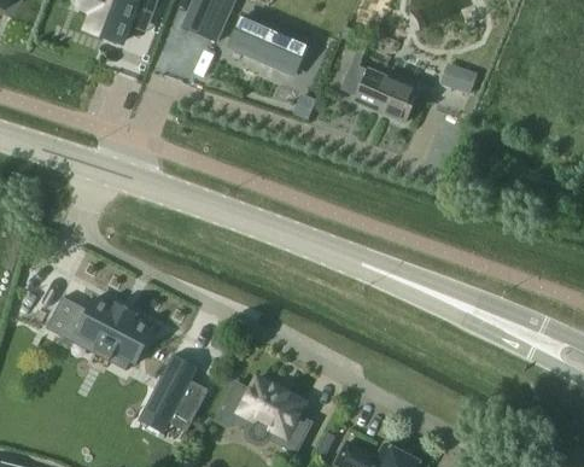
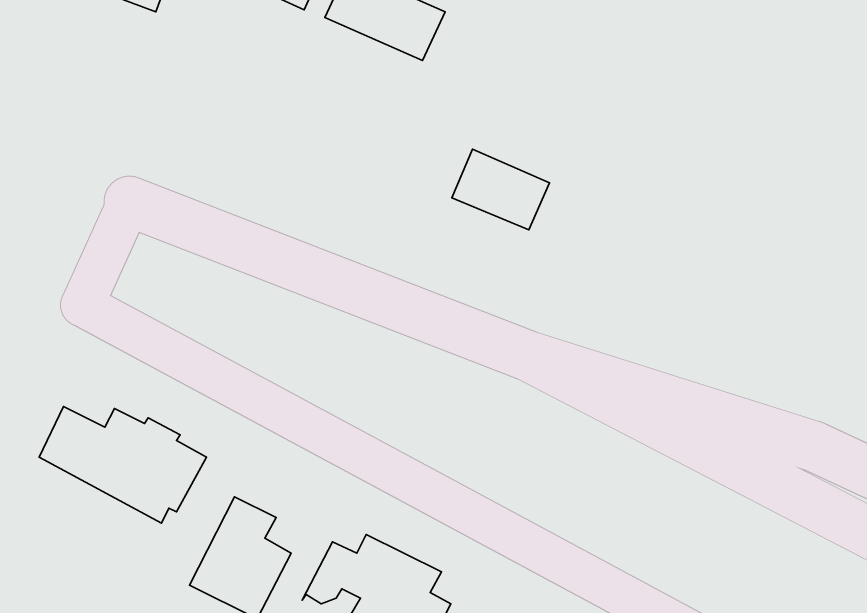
building: [439,63,477,94] -> none
building: [355,70,417,122] -> [452,149,550,230]

